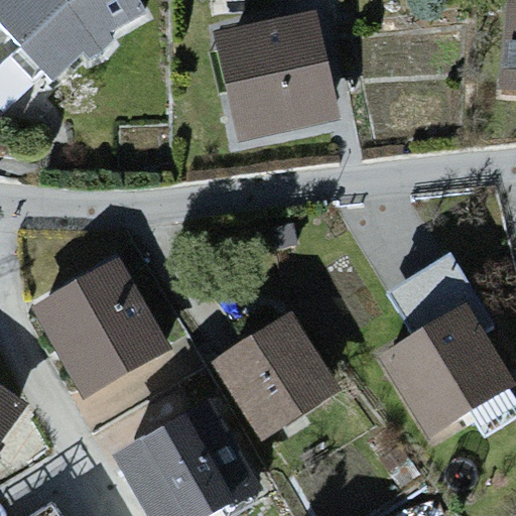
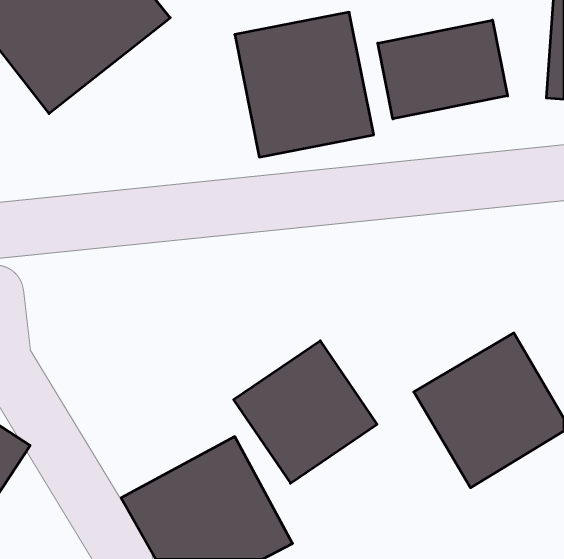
building: none -> [378,20,508,119]
building: [28,256,173,401] -> none

